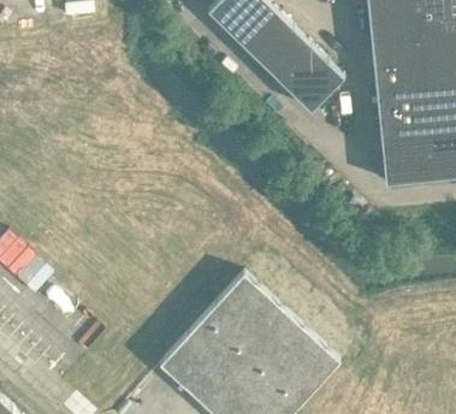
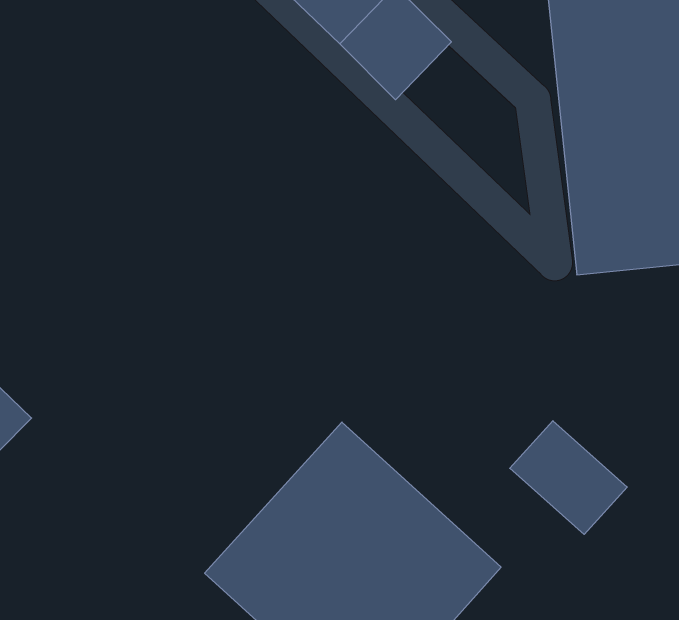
building: [276,43,344,112] -> none
building: none -> [510,421,627,534]

